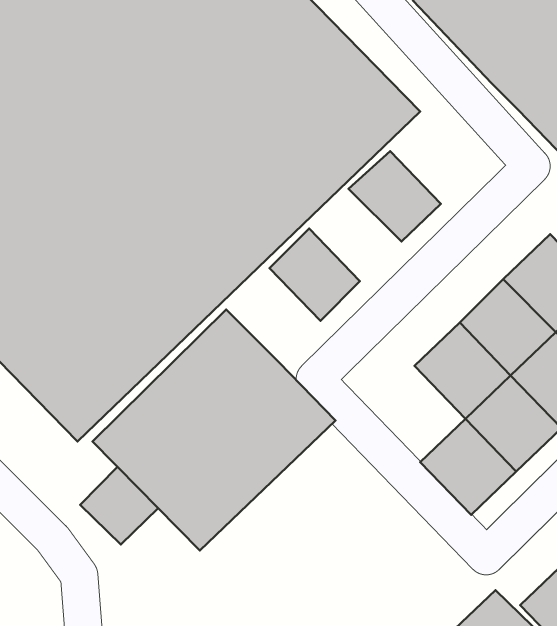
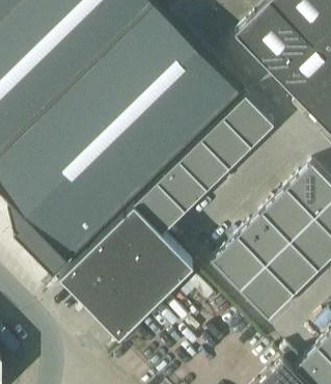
building: none -> [223,95,273,146]
building: none -> [178,138,229,189]
building: none -> [133,182,185,234]
building: none -> [212,236,265,289]
building: [80,467,158,545] -> none

